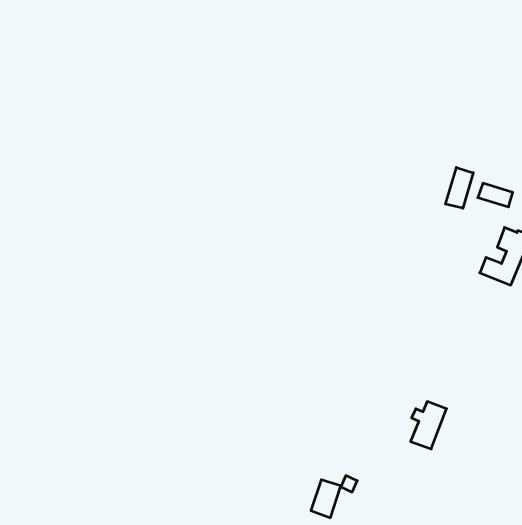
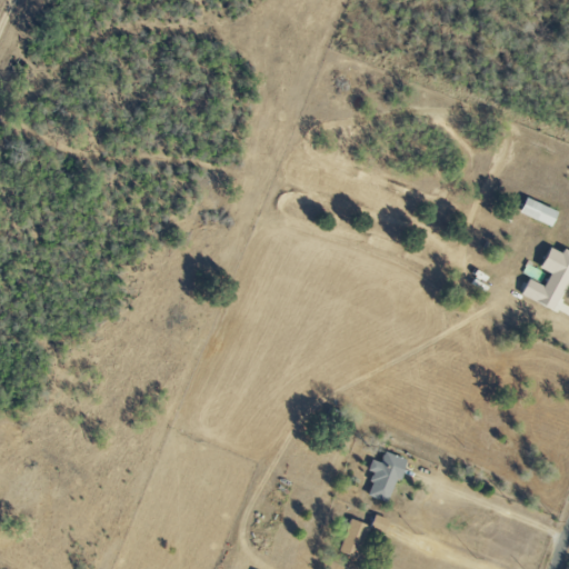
building: [445,167,473,208] -> none
building: [411,402,447,449] -> [368,450,407,501]

